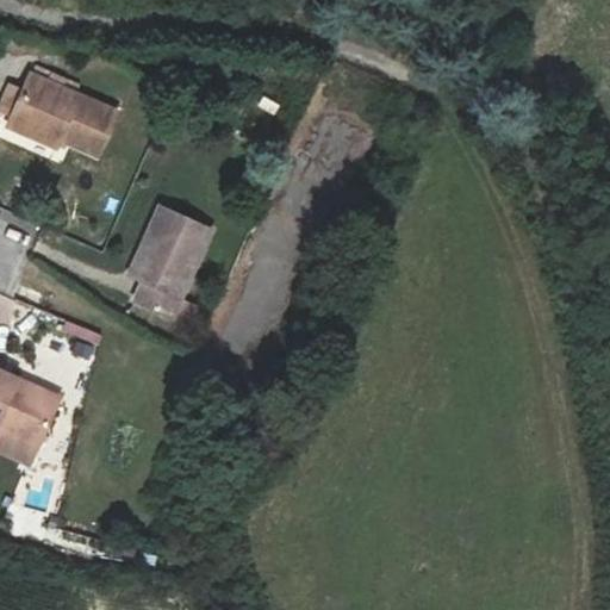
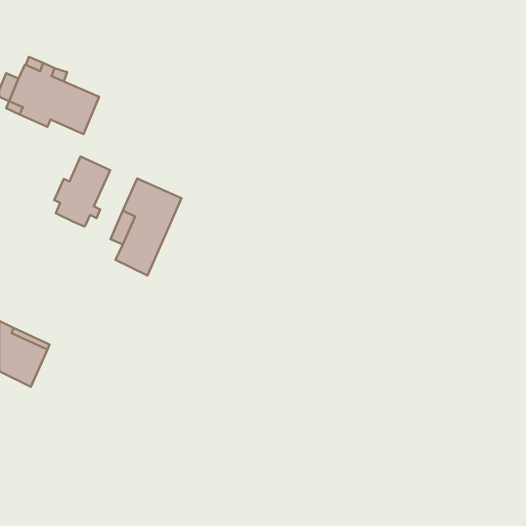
building: none -> [54,157,110,226]

